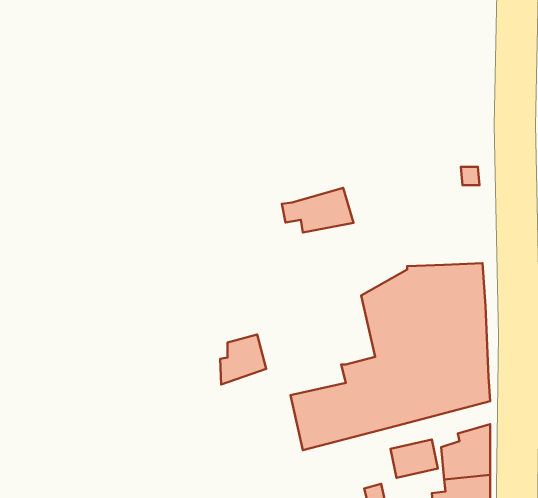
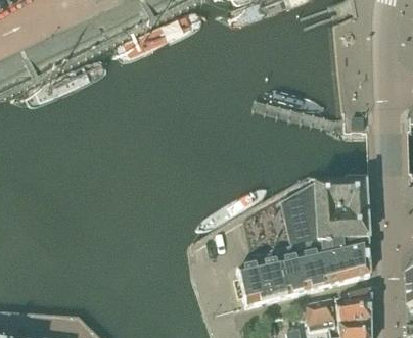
building: [282,188,353,232] -> none
building: [220,335,266,385] -> none

